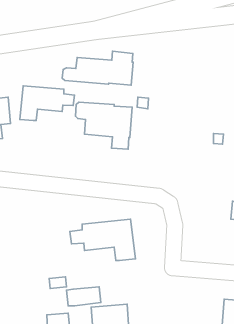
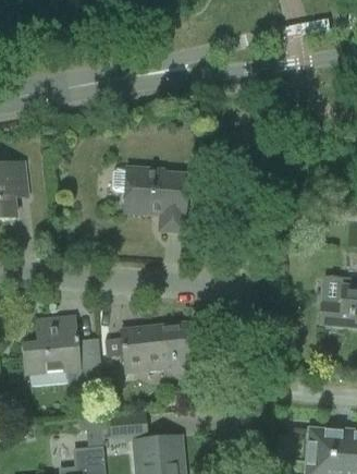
building: [62,51,133,85] -> none
building: [20,86,74,120] -> none
building: none -> [22,317,101,385]

